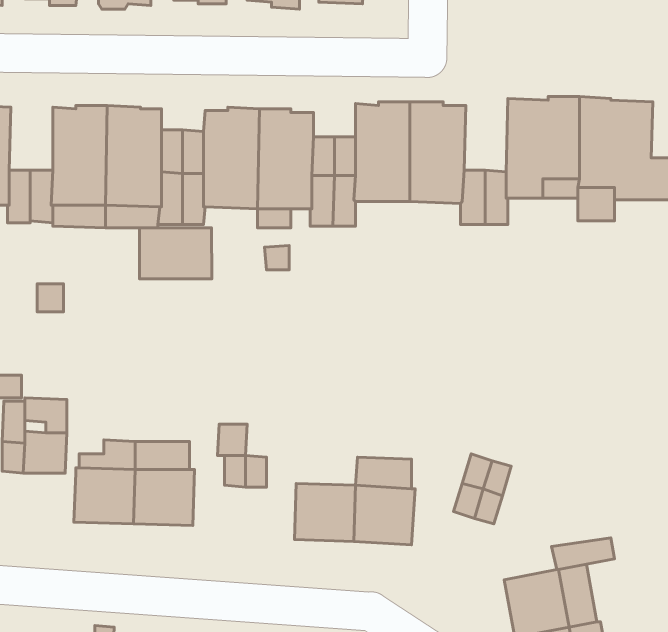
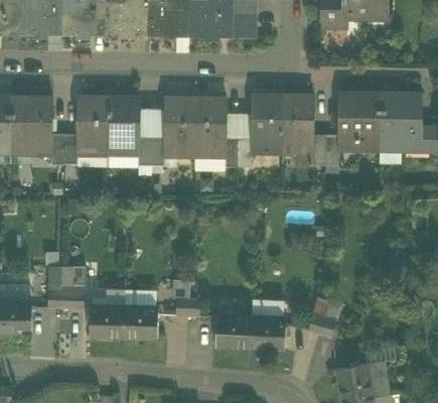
building: [139,228,212,279] -> none

